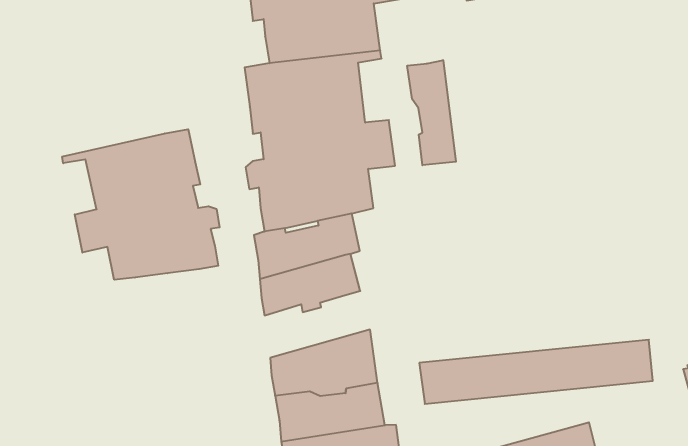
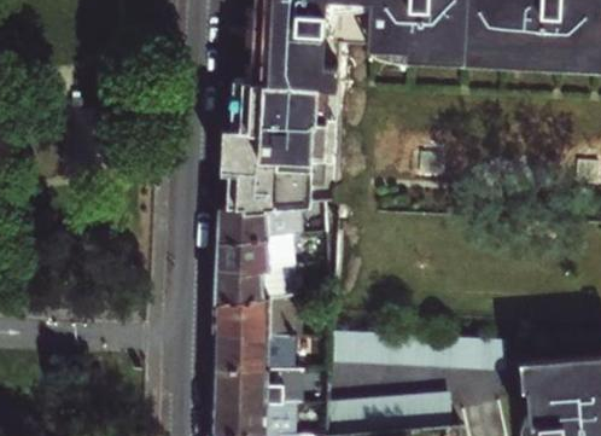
building: [407,60,456,165] -> none
building: [62,129,220,280] -> none
building: none -> [216,267,282,304]

